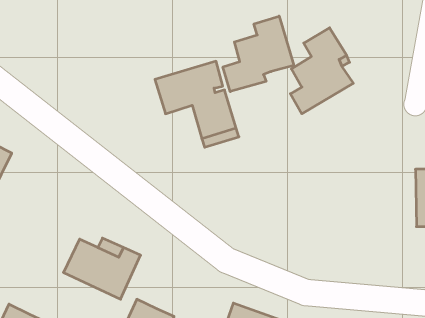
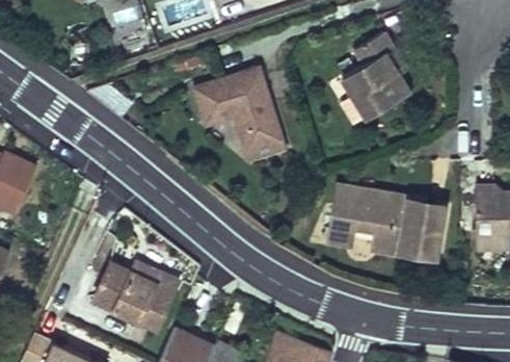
building: [223,16,294,92] -> none
building: none -> [327,188,446,261]

